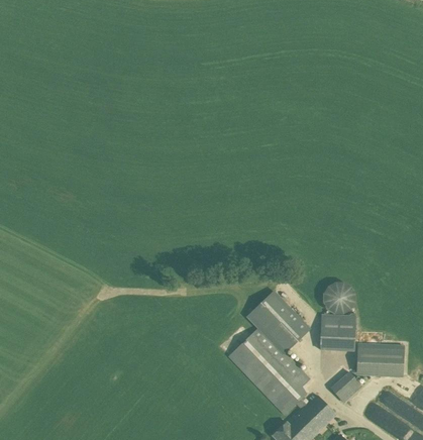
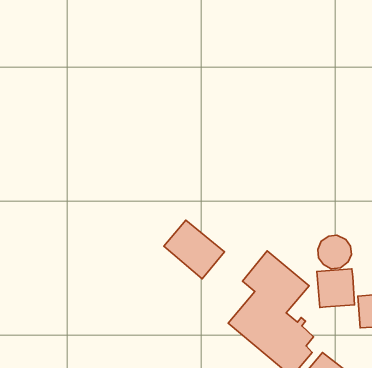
building: none -> [164,220,225,279]
building: [330,369,362,402] -> none

